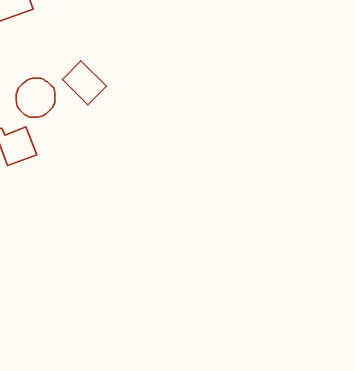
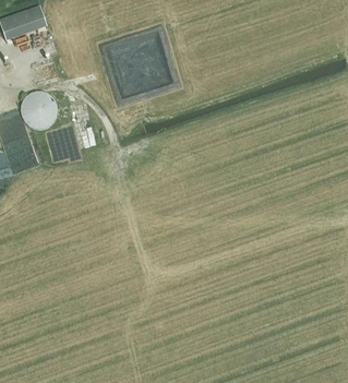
building: [62,61,106,105] -> none

